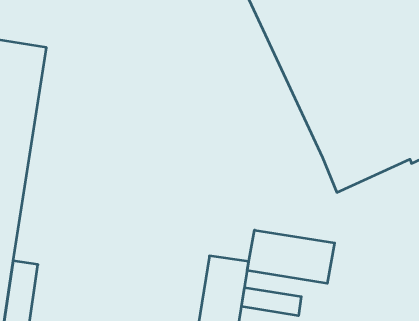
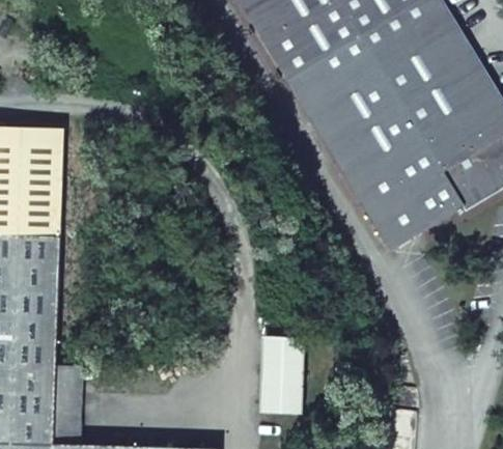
building: [247,230,335,283] -> none
building: [242,287,301,316] -> none

